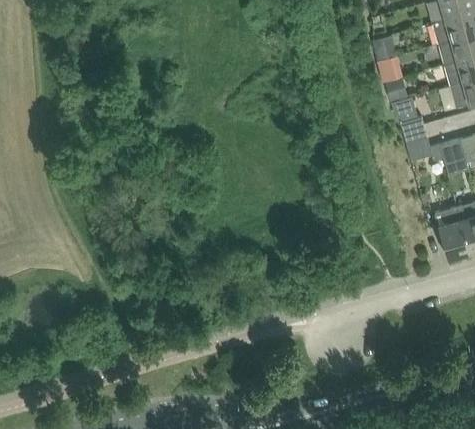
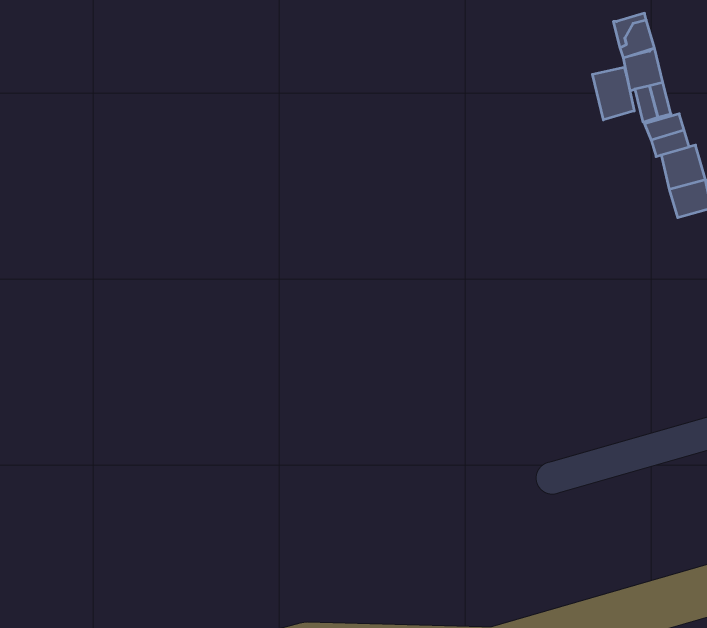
building: none -> [592,67,634,120]

